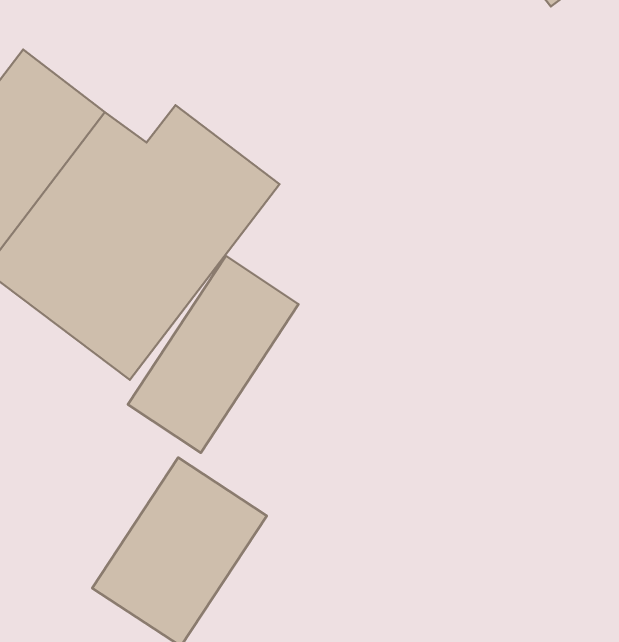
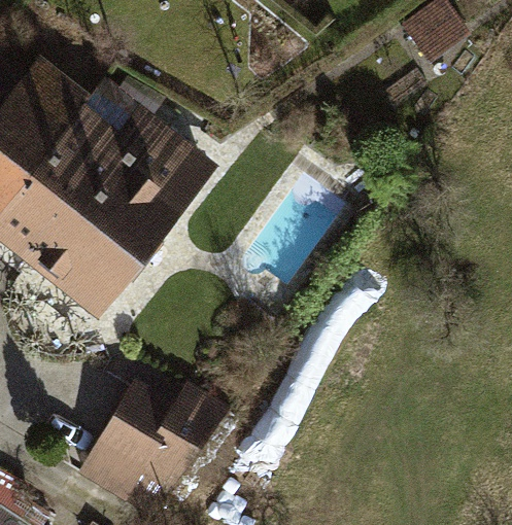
building: [128,256,299,453] -> none

